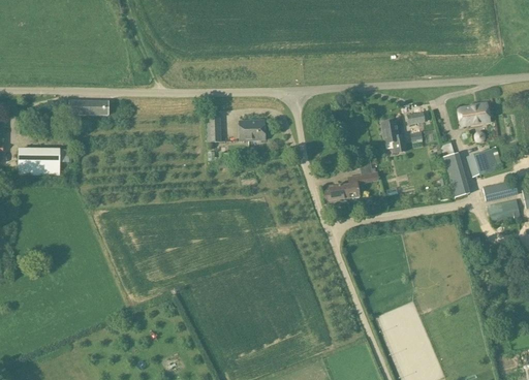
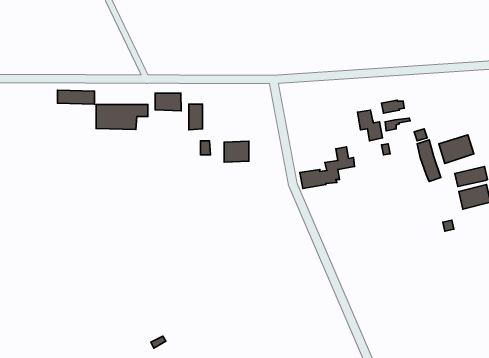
building: [457,102,490,126] -> none
building: none -> [155,93,181,111]
building: [239,119,264,140] -> [224,141,249,162]
building: [18,149,71,175] -> [96,105,148,129]

